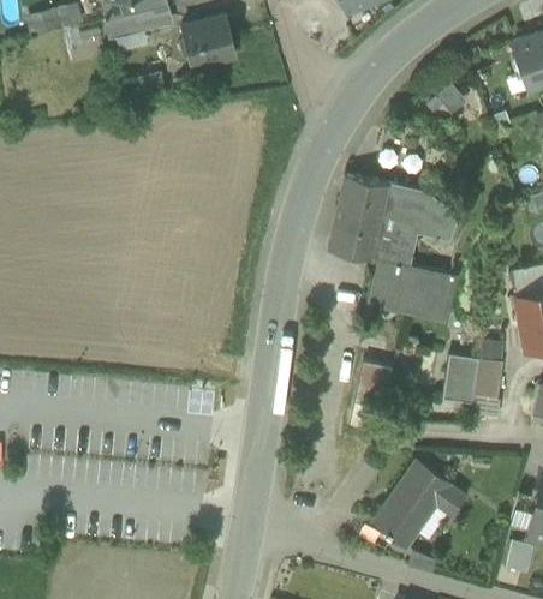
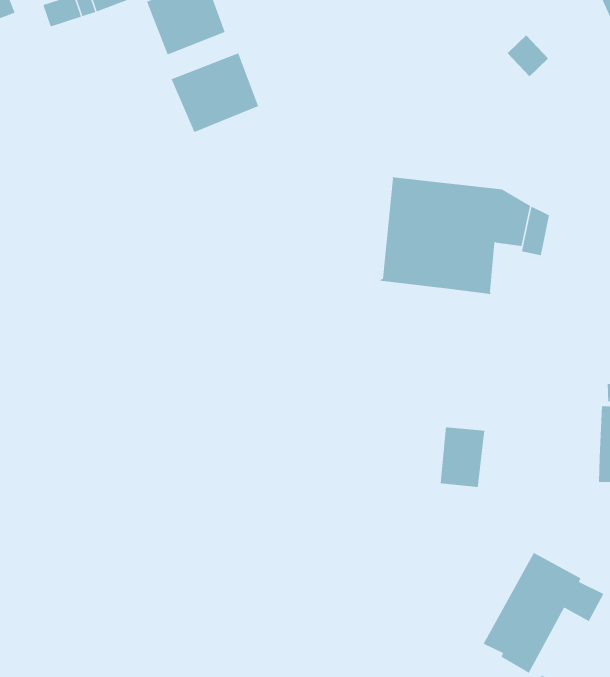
building: none -> [171,52,259,133]
building: [370,260,455,319] -> none
building: [444,353,479,395] -> none

